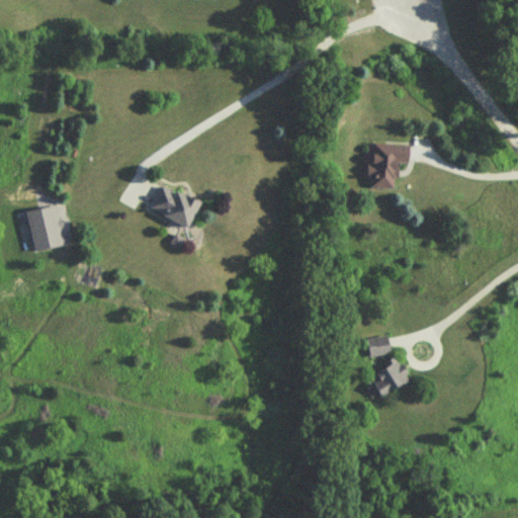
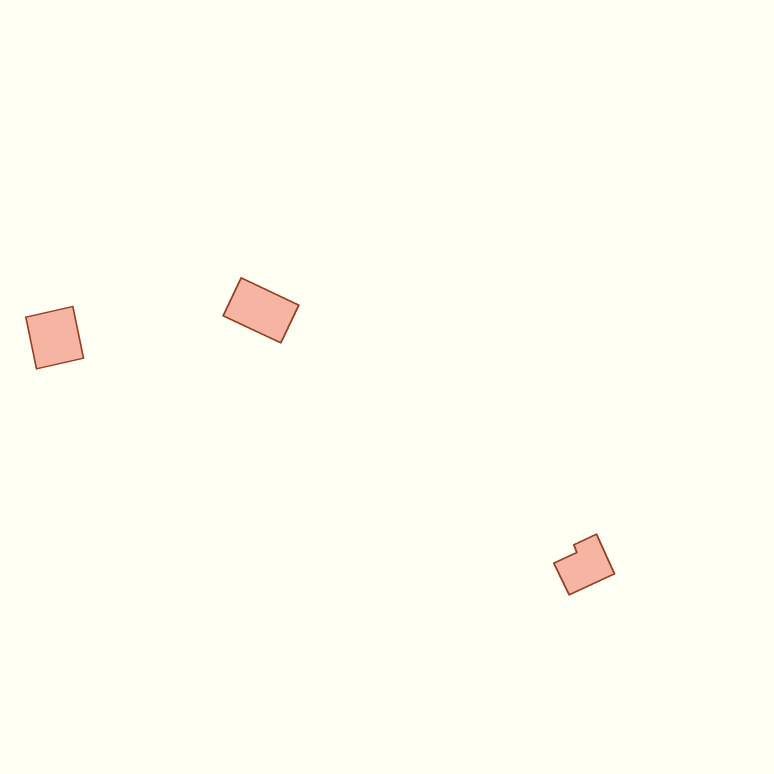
building: [370,144,410,190] -> none
building: [366,336,392,358] -> none

